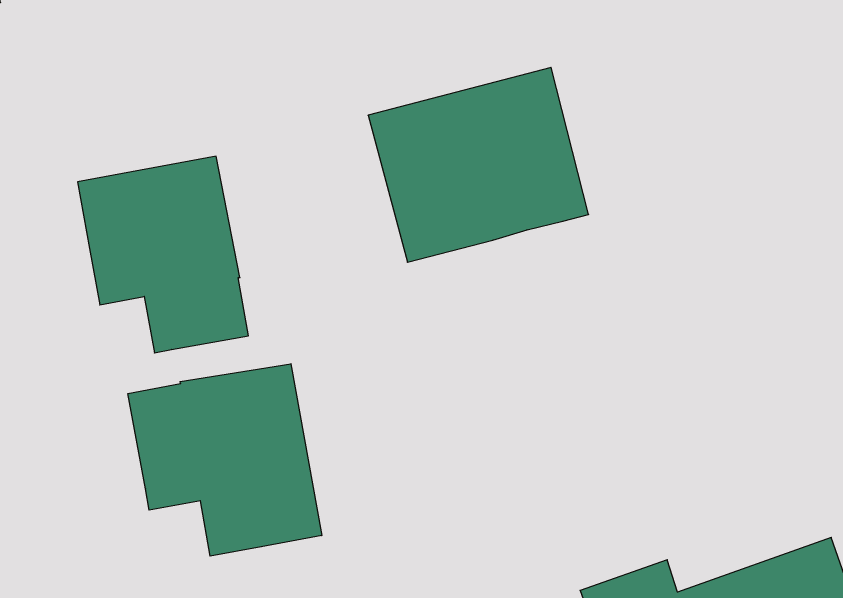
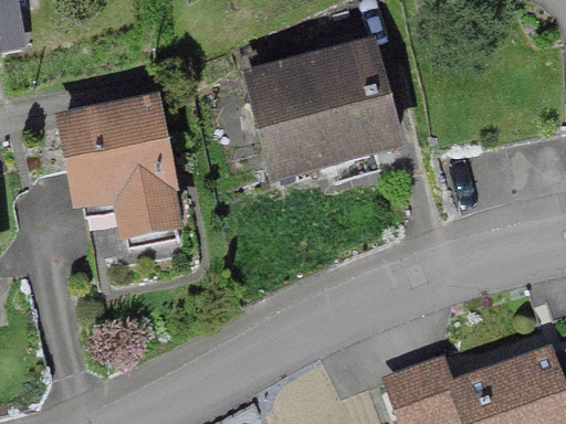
building: [128,364,322,556] -> none

